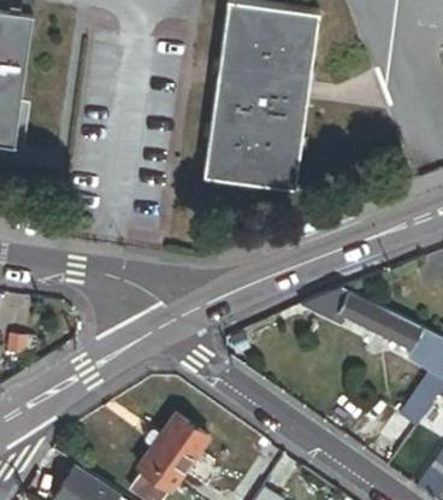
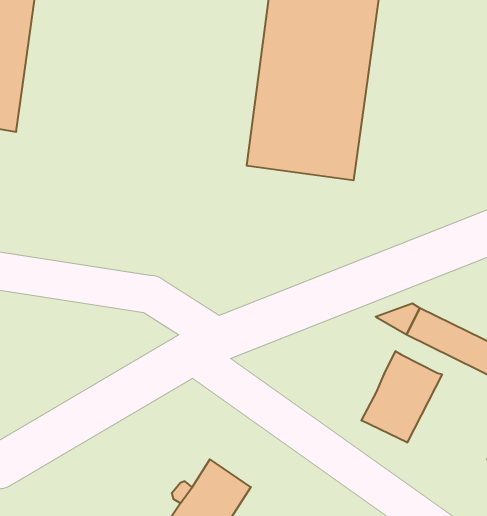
building: none -> [361,351,442,443]

